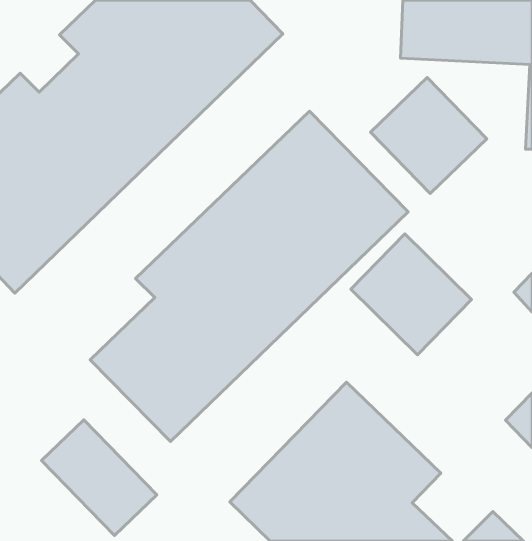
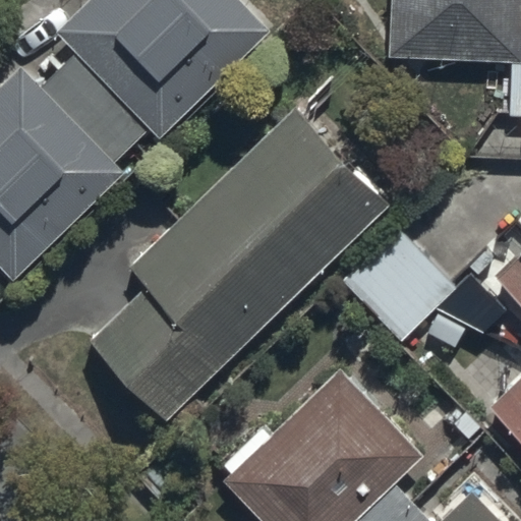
building: [371,77,487,193] -> none
building: [42,420,157,536] -> none

